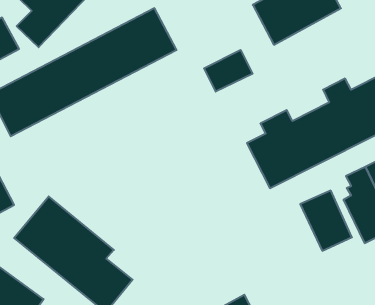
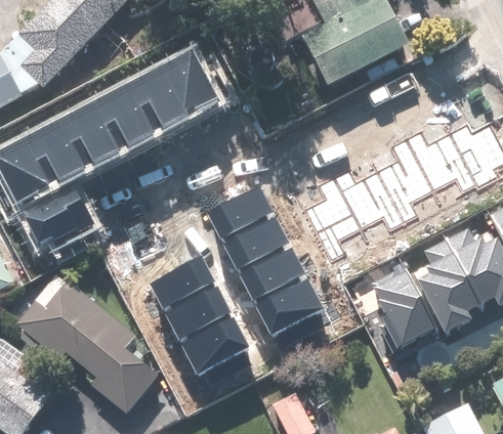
building: [204,50,253,92] -> none
building: none -> [205,185,323,338]
building: none -> [25,189,90,240]
building: none -> [149,255,248,373]

